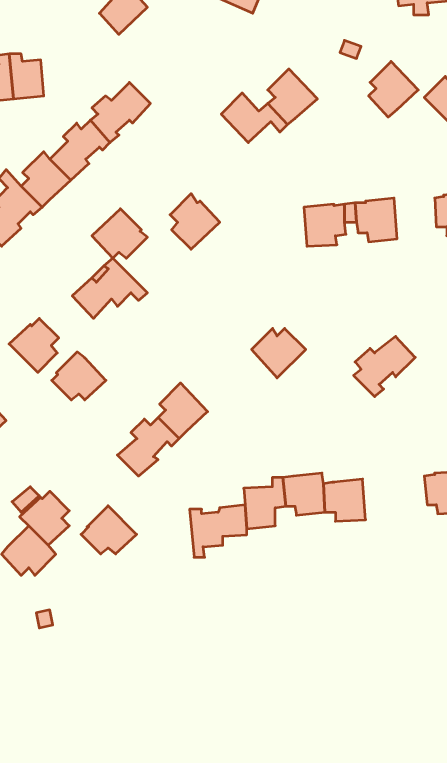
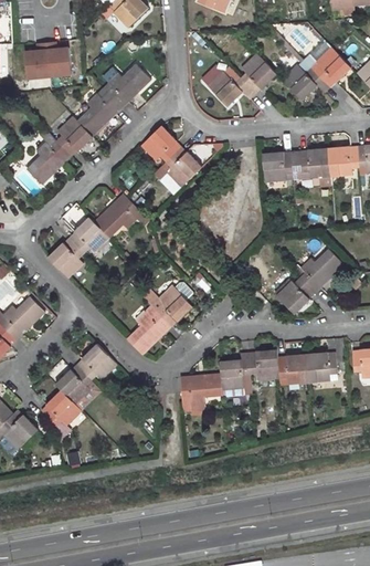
building: none -> [277,65,325,101]
building: none -> [329,147,360,178]
building: [92,209,147,258] -> [139,124,180,160]
building: [252,328,306,378] -> [275,279,315,315]
building: [52,352,106,400] -> [68,216,108,251]
building: none -> [306,354,337,385]
building: [81,506,137,554] -> [76,343,117,378]

